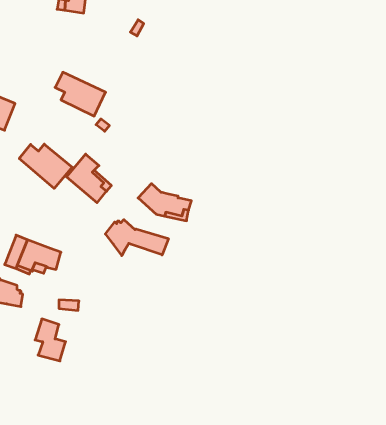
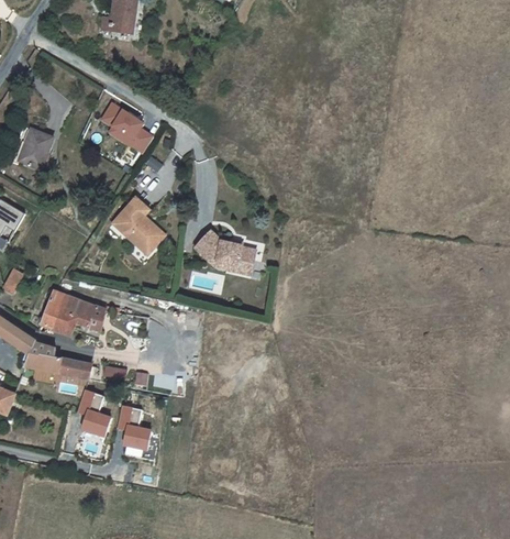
building: [19,144,72,188] -> none
building: [105,220,168,256] -> none
building: none -> [59,359,91,380]
building: none -> [117,404,152,449]

